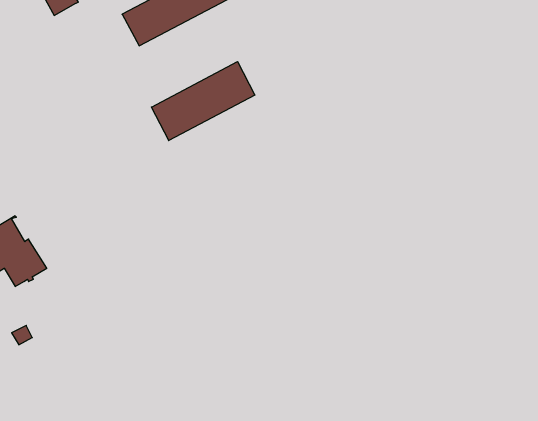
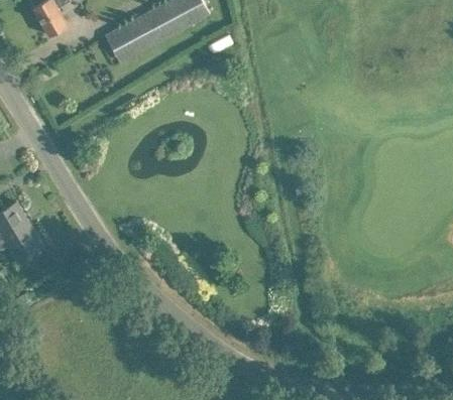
building: [151,62,255,141] -> none

